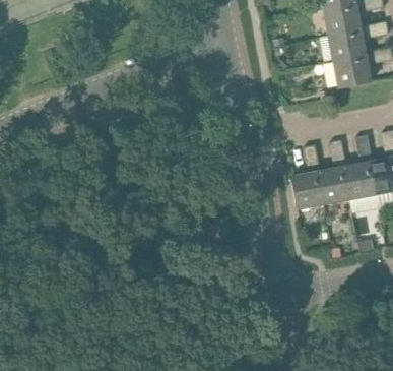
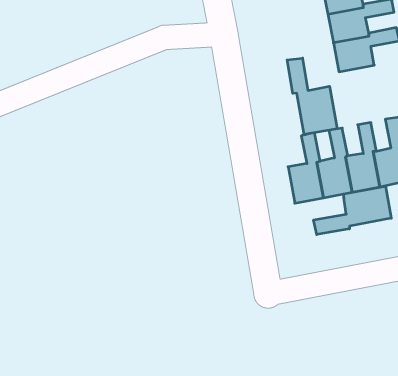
building: none -> [287,58,337,134]
building: none -> [314,186,391,235]

